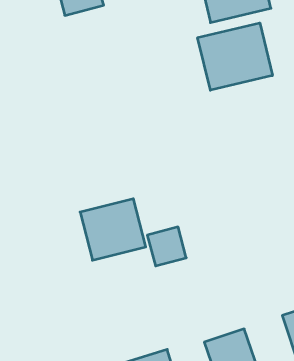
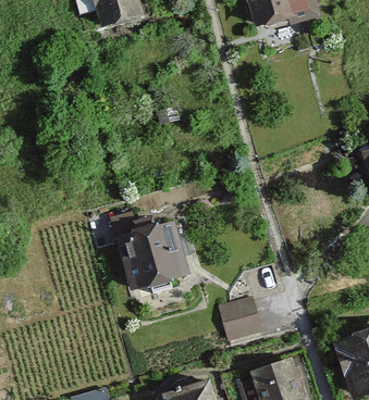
building: [198,23,272,90] -> none
building: [147,227,186,266] -> [221,299,262,340]

